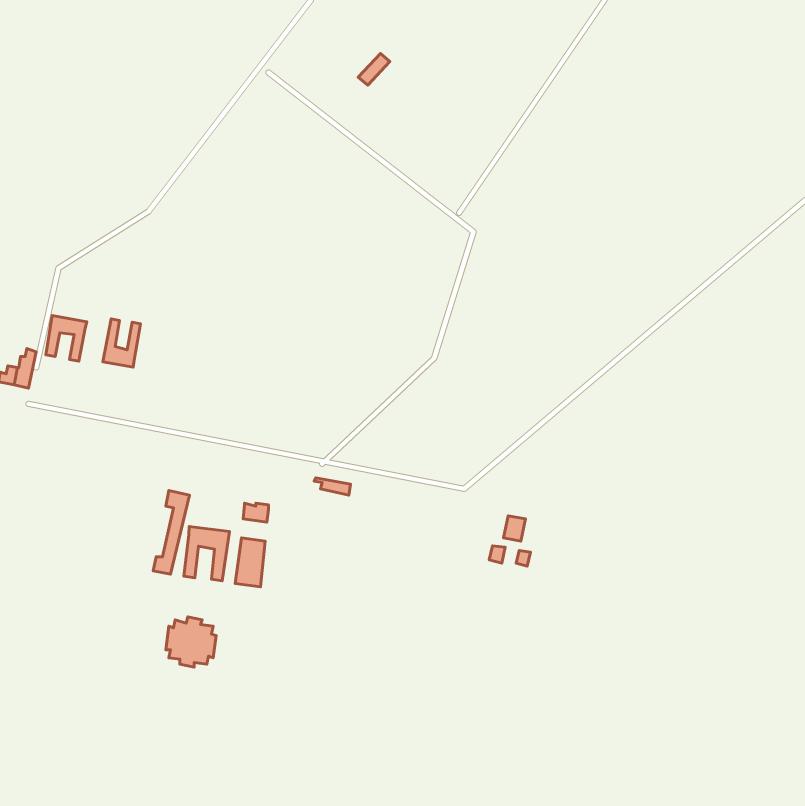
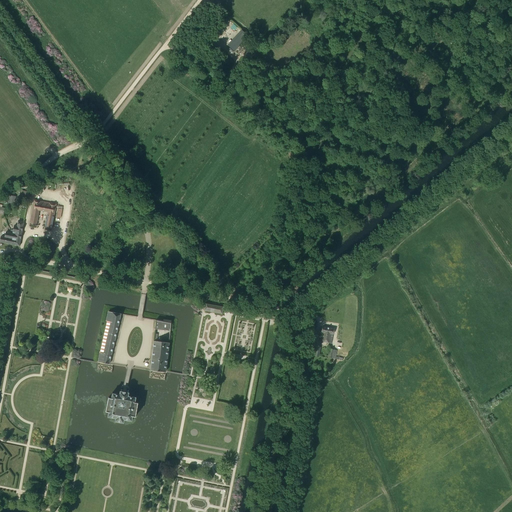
building: [103,319,140,367] -> none
building: [184,526,229,581] -> none

